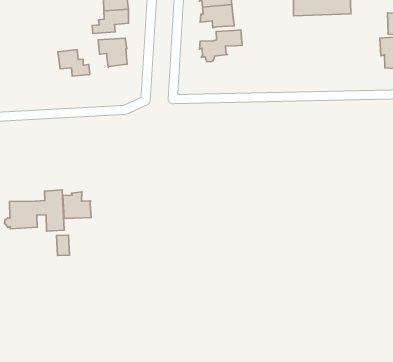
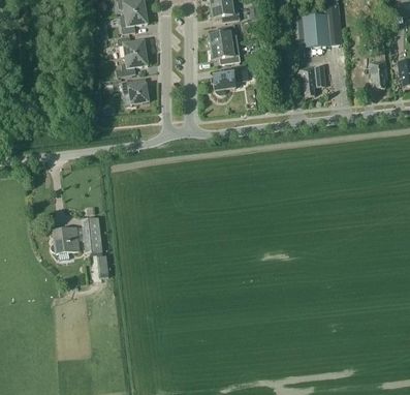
building: none -> [296,64,326,97]
building: [58,50,90,76] -> none
building: [63,192,91,219] -> none

